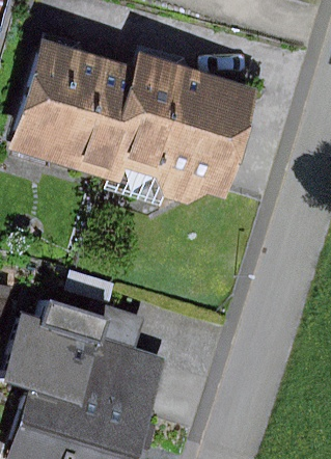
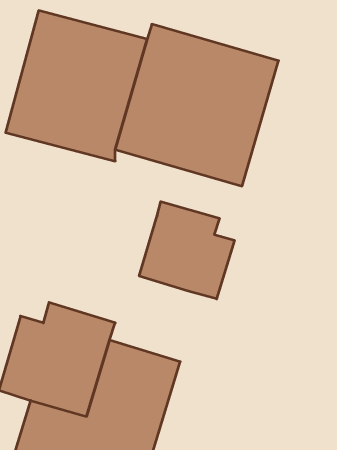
building: none -> [139,202,234,299]

